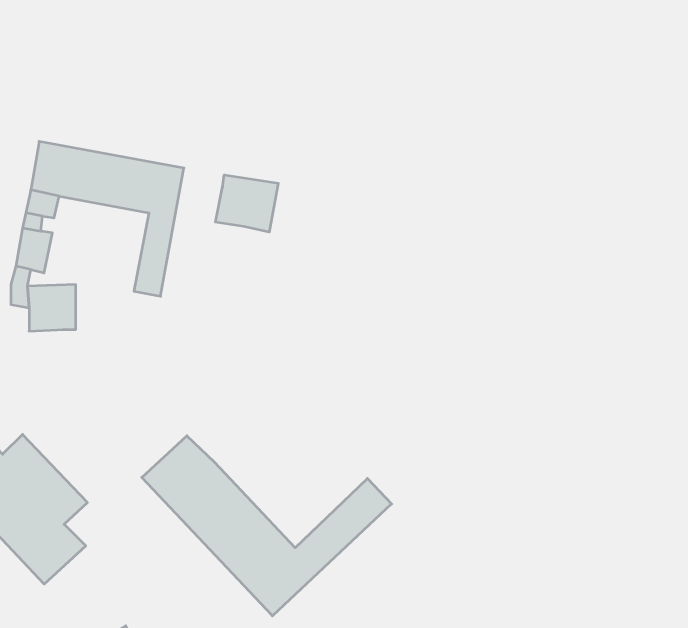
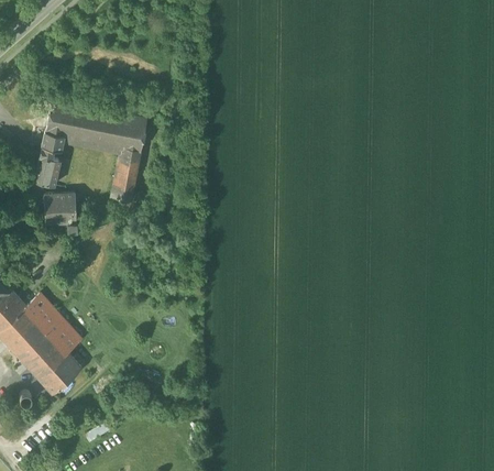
building: [215,175,278,232] -> none
building: [142,436,392,616] -> none

